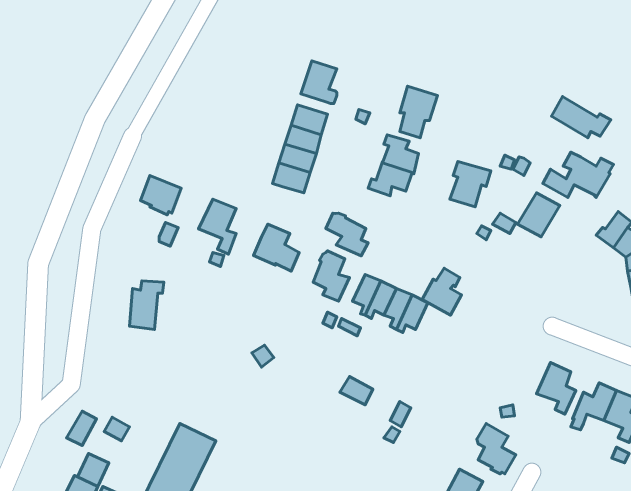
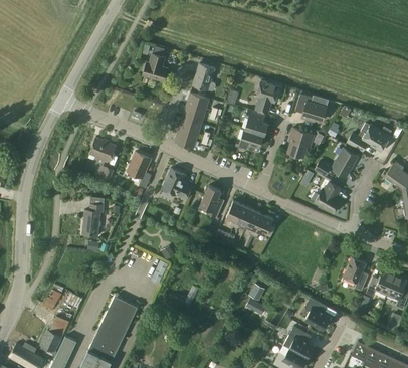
building: none -> [143,54,169,82]
building: [551,96,611,138] -> none
building: none -> [295,94,328,122]
building: [326,213,368,256] -> none
building: [422,268,461,315] -> [316,183,341,213]

